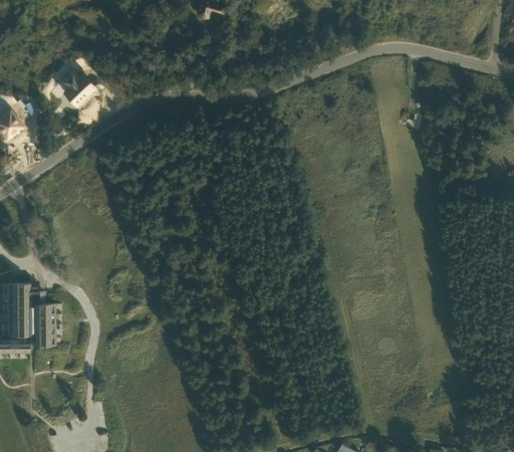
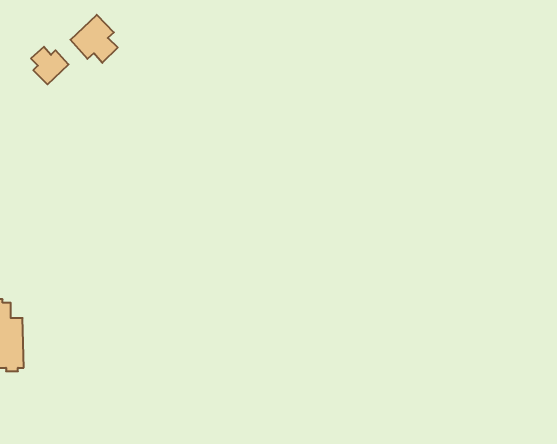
building: none -> [70,15,118,63]

